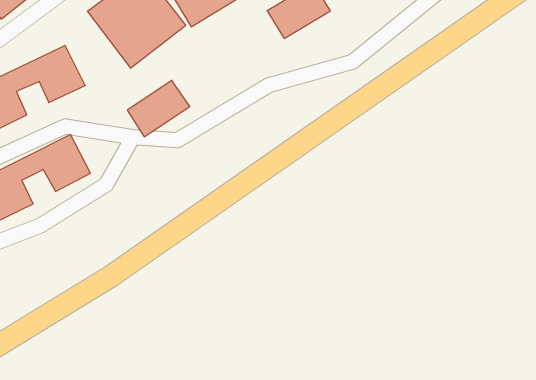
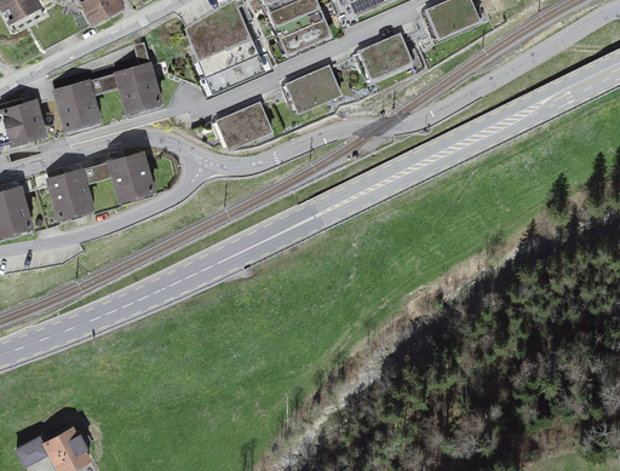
building: none -> [277,69,335,119]

